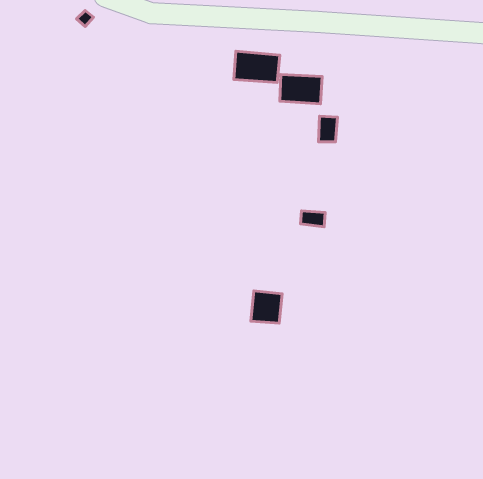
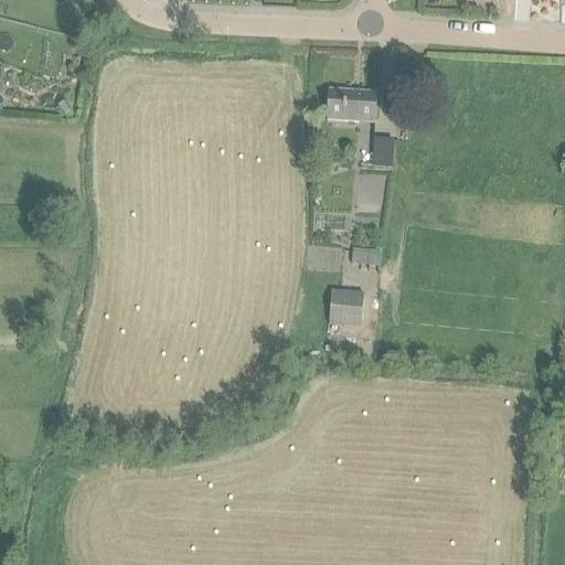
building: [234,51,280,82] -> none
building: [251,291,282,323] -> [328,288,364,326]

